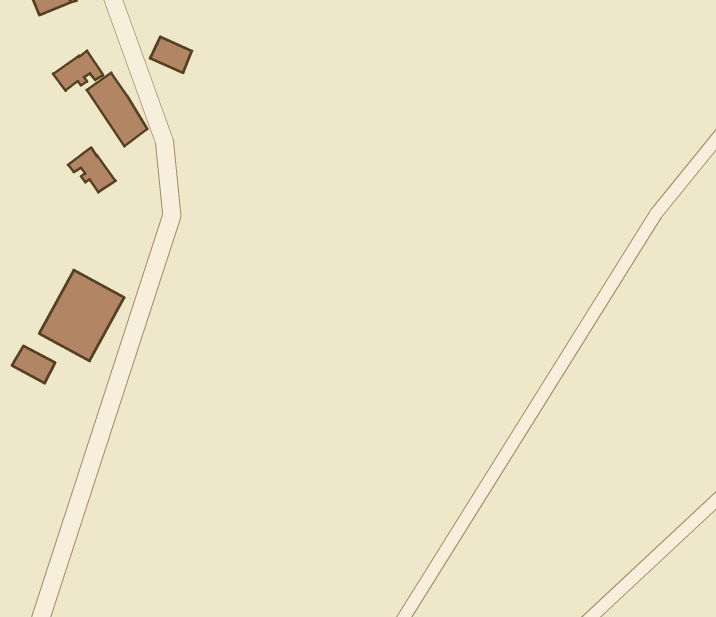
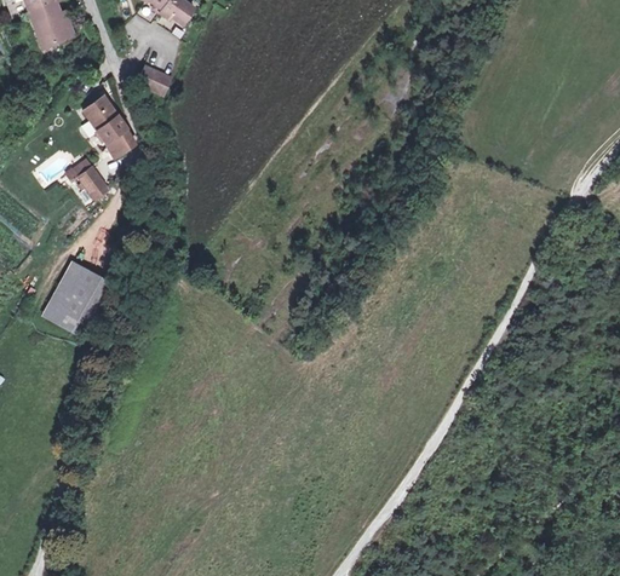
building: [53,51,103,91] -> none
building: [12,346,55,383] -> none

